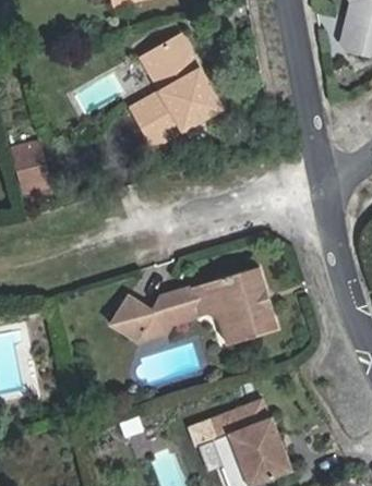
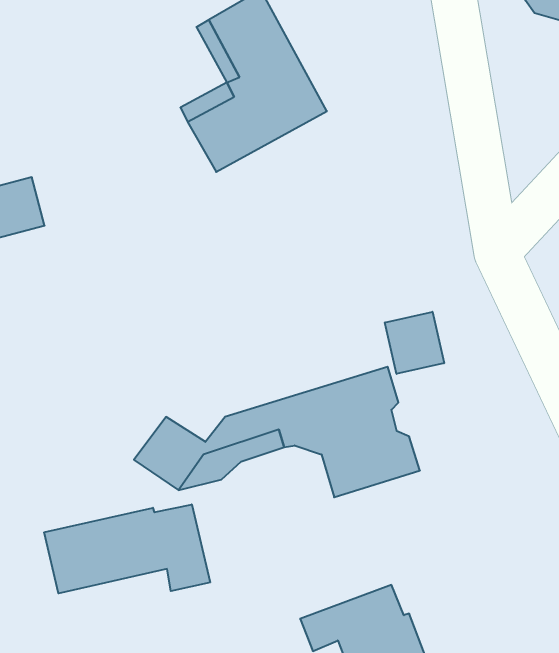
building: none -> [385,312,444,374]
building: none -> [44,504,210,593]

